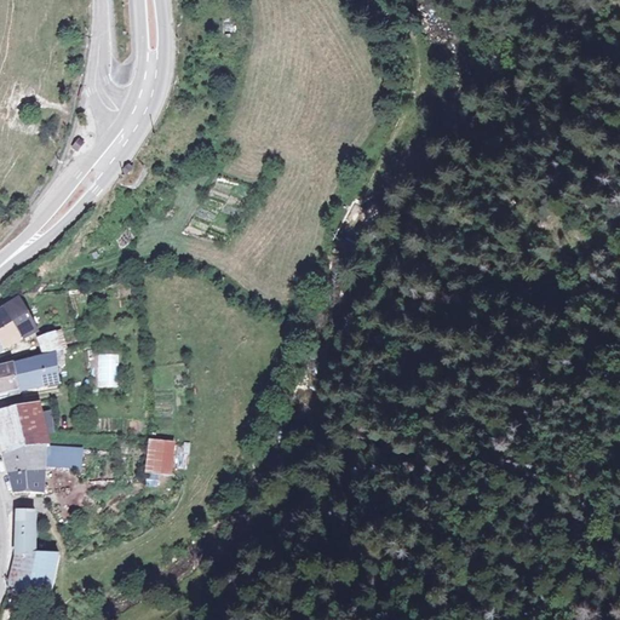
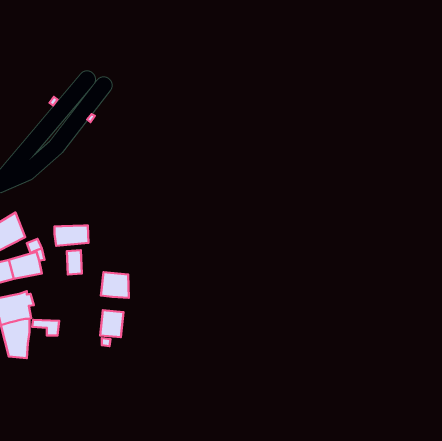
building: none -> [55,225,89,246]
building: none -> [101,272,129,298]
building: [8,515,56,599] -> none

